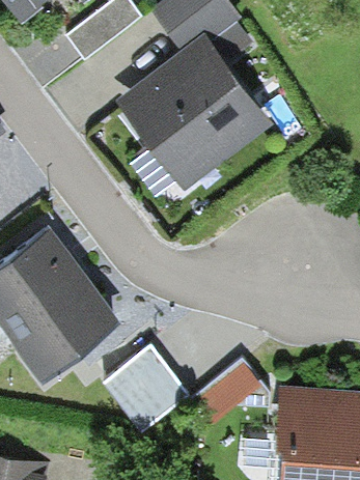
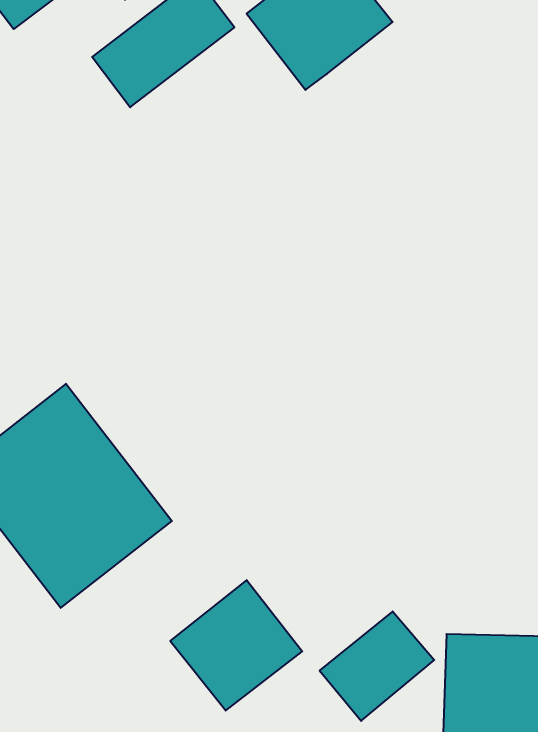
building: [130,47,262,178] -> none

